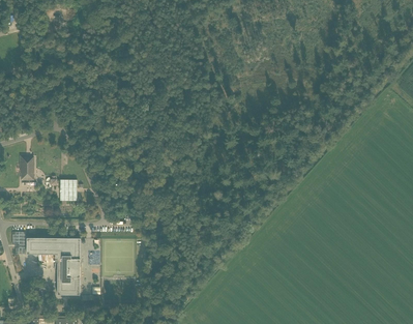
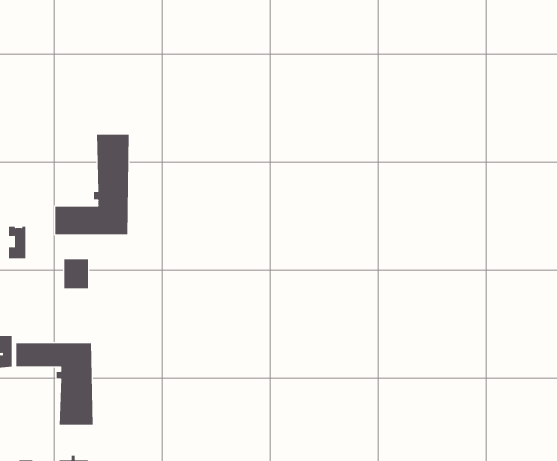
building: none -> [55,134,129,235]

